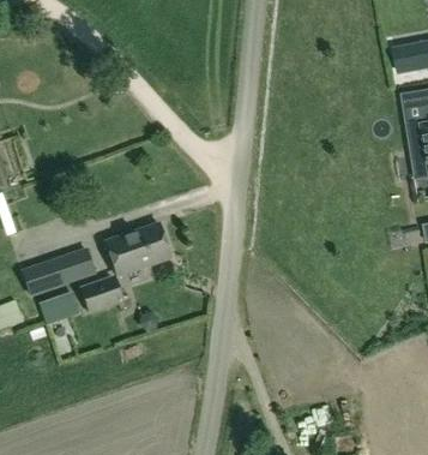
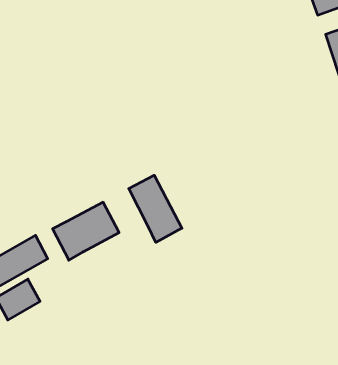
building: none -> [129,175,182,242]
building: [82,277,122,311] -> none

